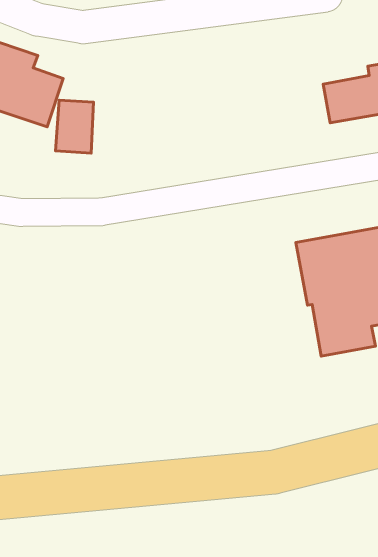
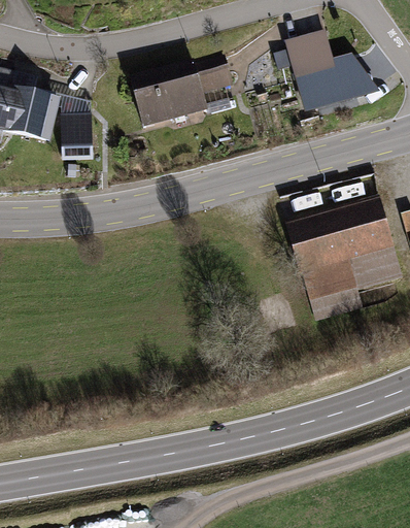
building: none -> [285,31,336,79]
building: none -> [129,56,233,129]

